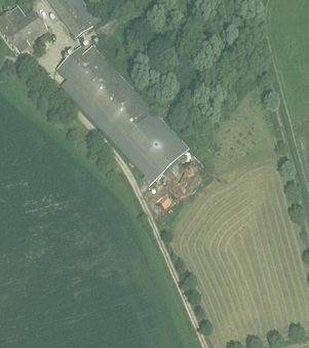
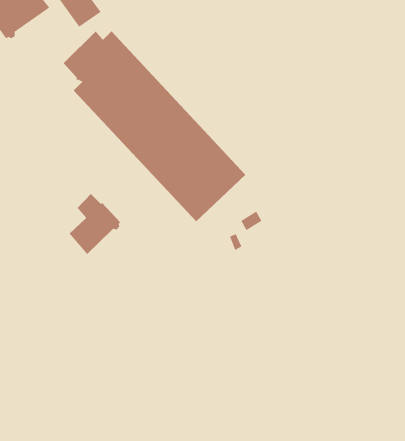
building: none -> [69,193,121,255]

